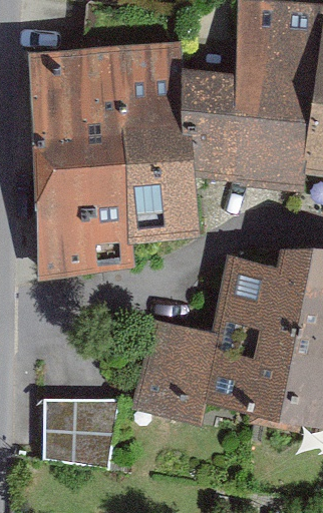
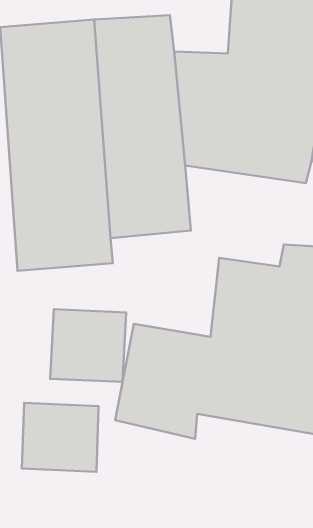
building: none -> [50,309,126,382]

